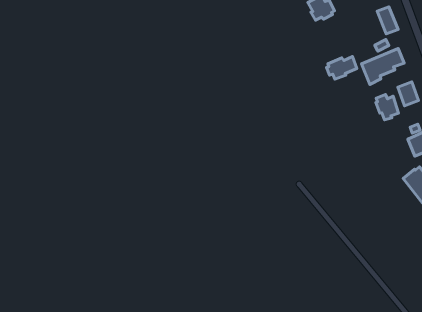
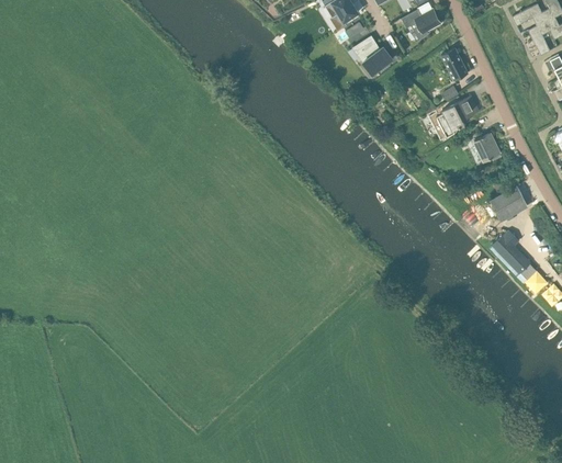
building: [326,56,357,79] -> none
building: [376,95,399,120] -> none

